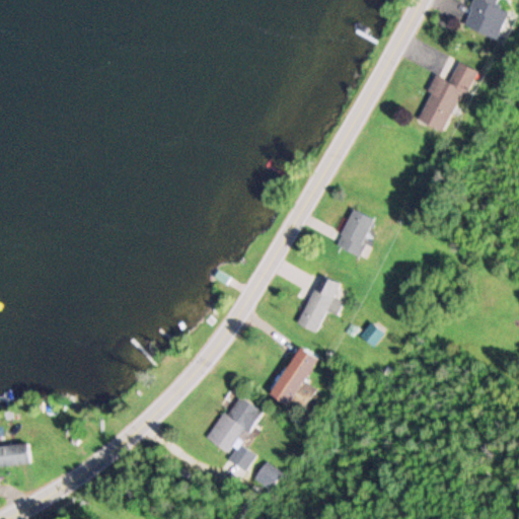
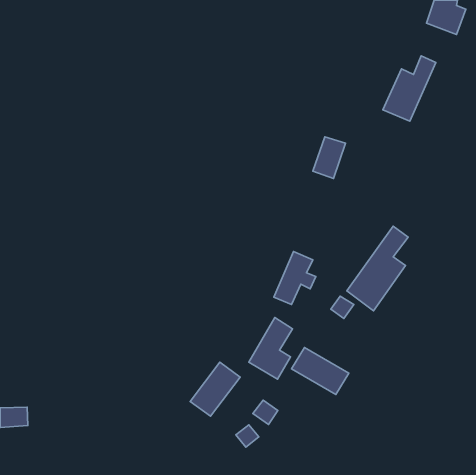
building: [338,210,373,255] -> [313,137,345,179]
building: none -> [347,226,408,311]
building: none -> [292,347,349,395]
building: [229,445,256,471] -> [253,400,278,425]

